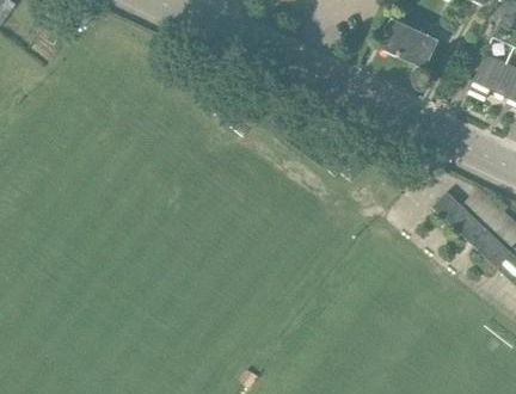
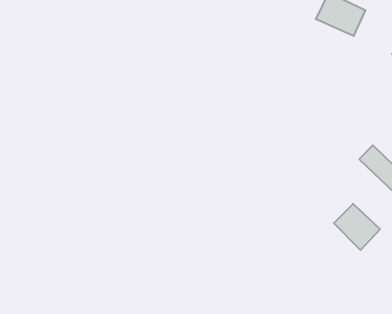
building: none -> [334,204,380,250]

